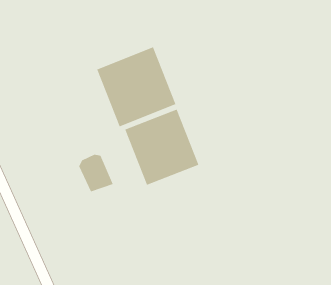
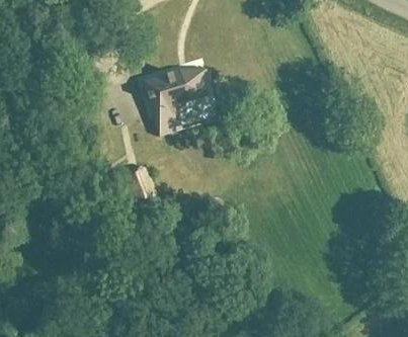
building: [124,109,199,186] -> none

